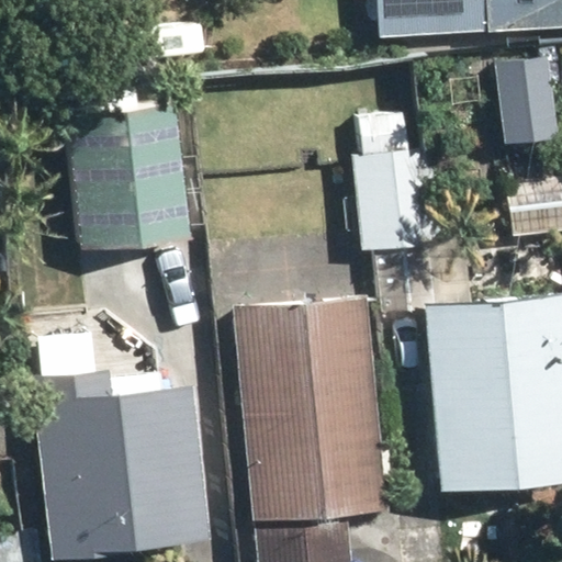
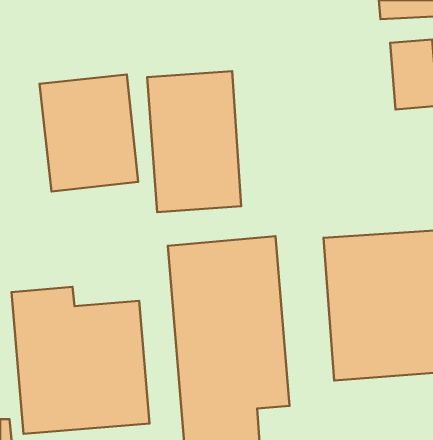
building: none -> [147,71,241,212]
building: [355,153,440,252] -> none

